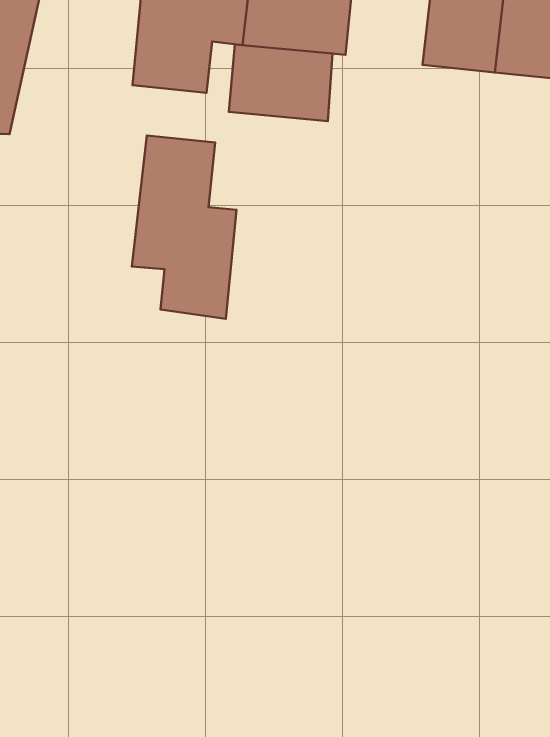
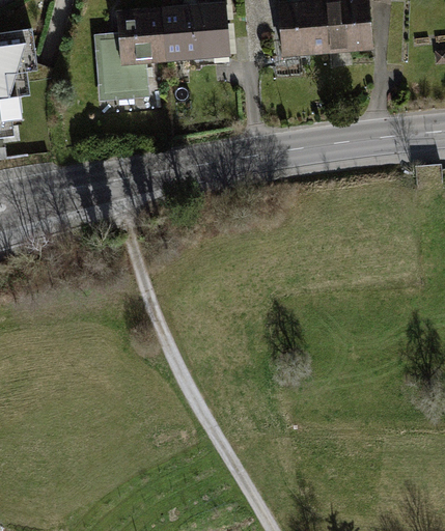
building: [229,44,332,121] -> none
building: [132,135,237,319] -> none

